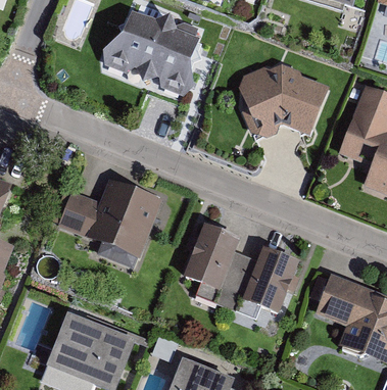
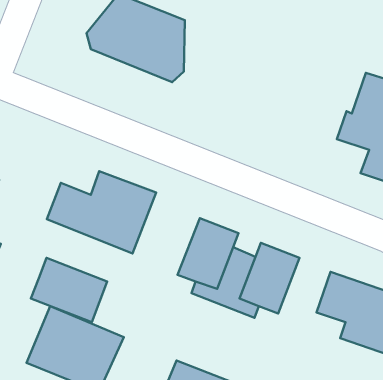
building: [235,58,328,134] -> none
building: none -> [31,258,107,322]

